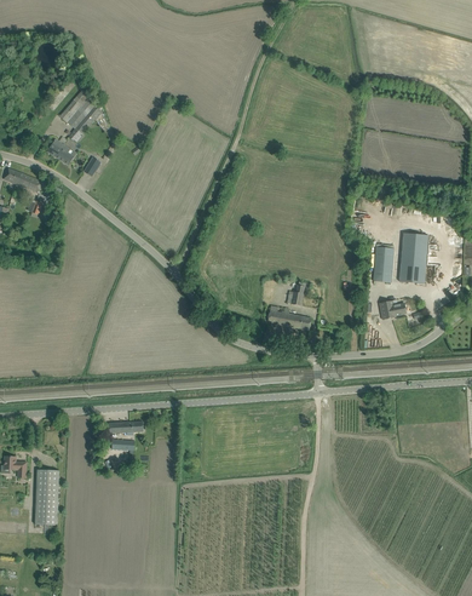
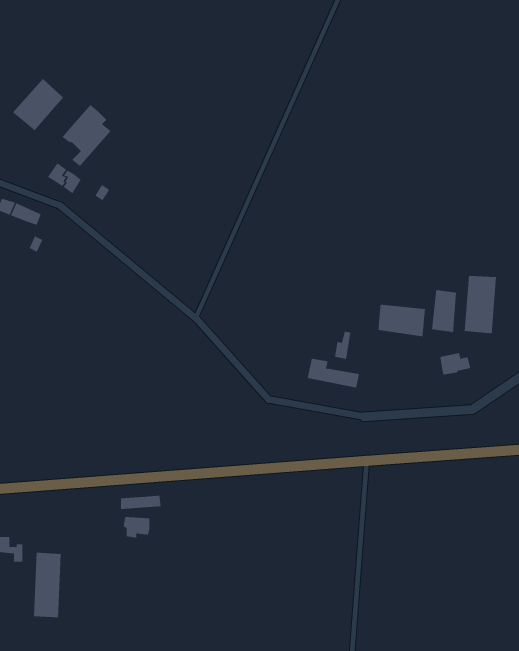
building: none -> [12,78,64,131]
building: none -> [378,304,425,337]

